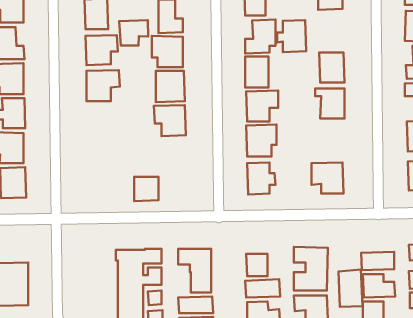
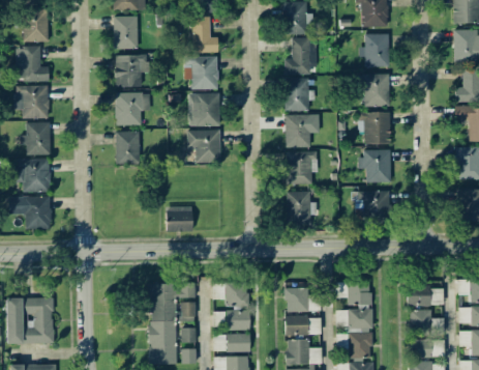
building: [277,20,306,52] -> [359,33,390,67]
building: [119,20,148,46] -> none
building: none -> [116,131,140,164]
building: none -> [361,149,391,182]
building: [338,270,362,307] -> none

